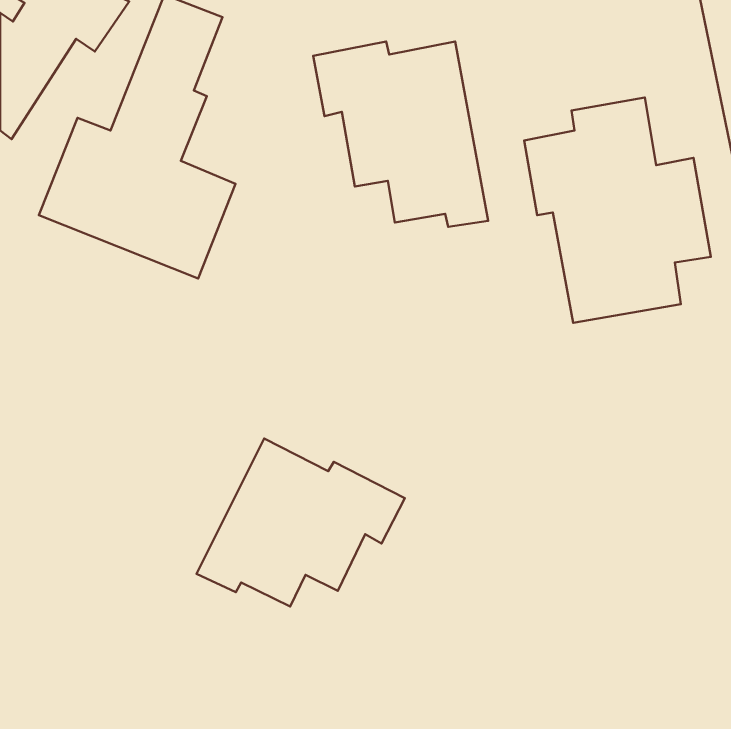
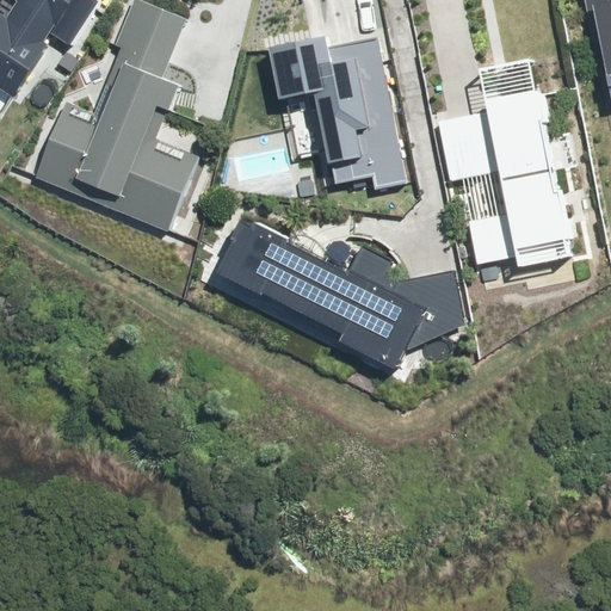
building: none -> [218,220,468,372]
building: [196,439,405,606] -> none

